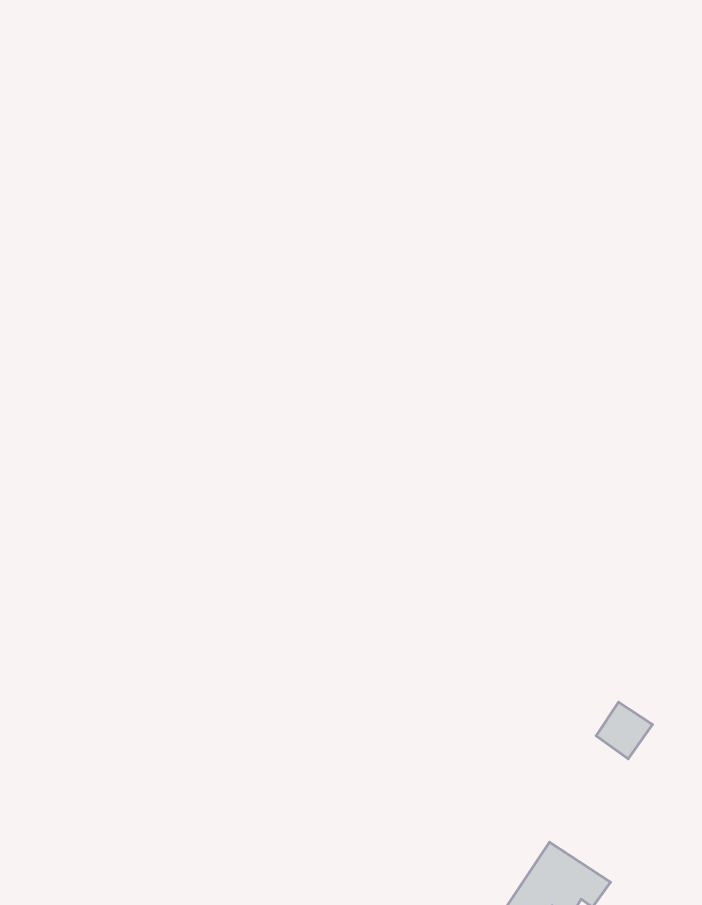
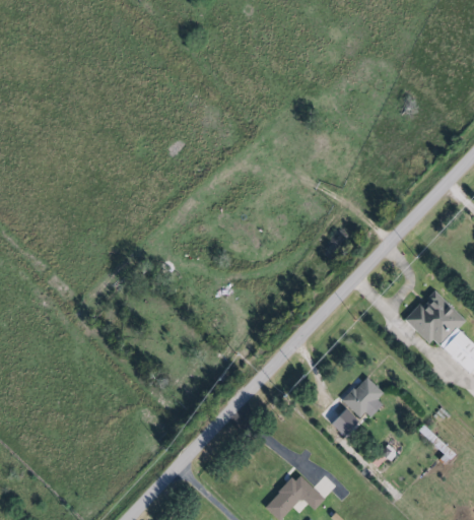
building: none -> [342,376,383,416]

